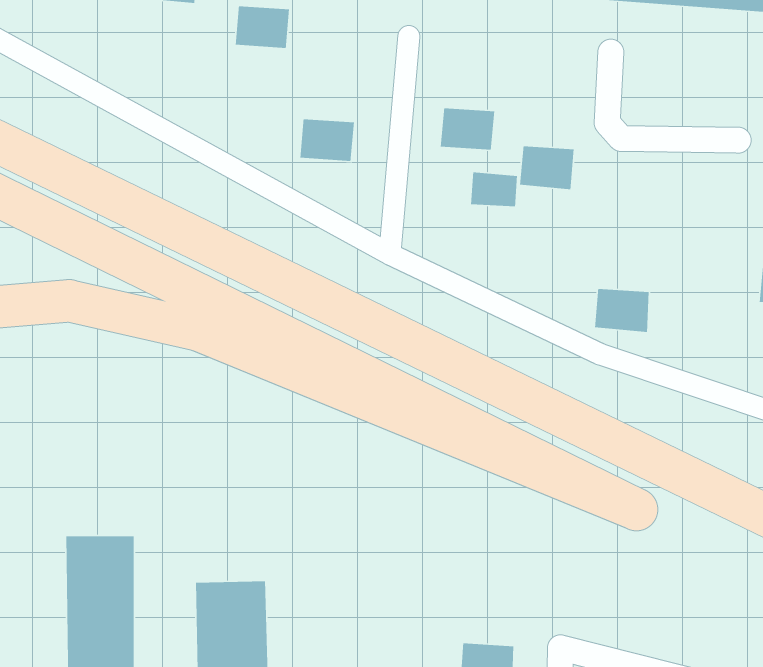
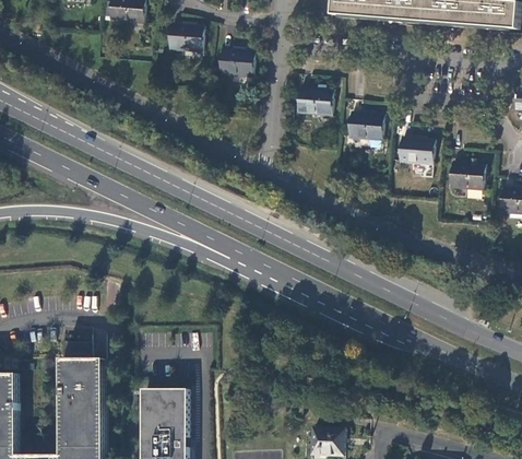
building: [299,119,355,162] -> [216,48,251,75]
building: [470,172,518,207] -> none
building: none -> [447,161,482,189]
building: [594,288,649,333] -> [395,137,430,165]

